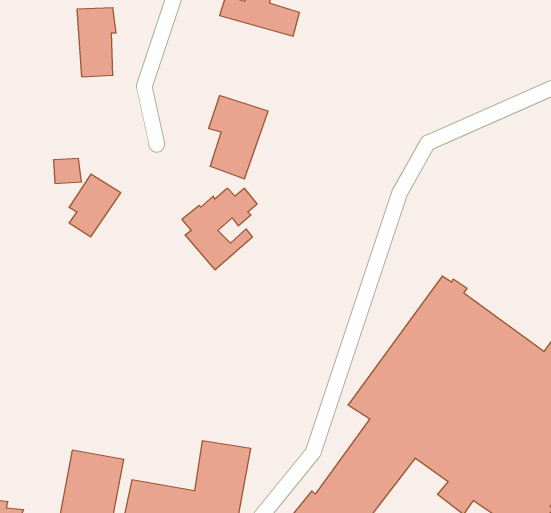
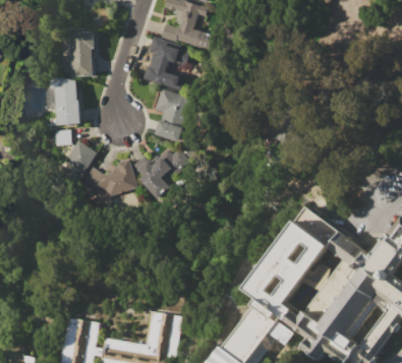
building: none -> [142,35,185,92]
building: none -> [45,74,80,125]
building: none -> [83,159,138,195]

